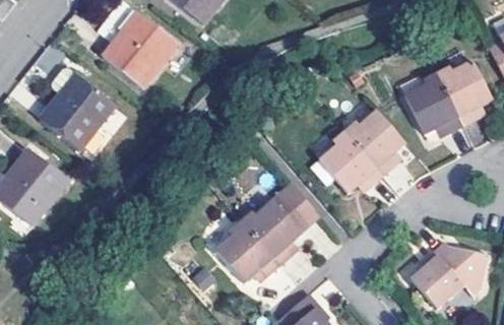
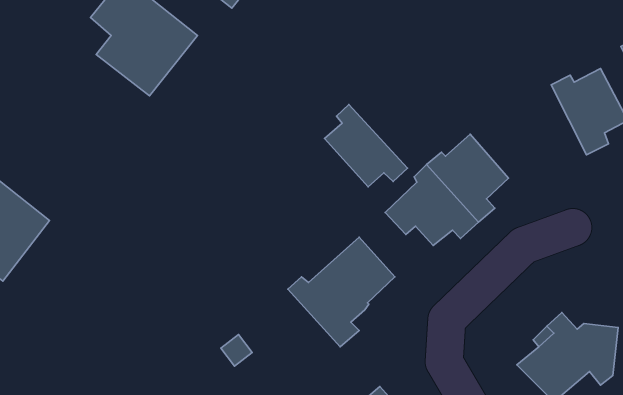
building: [37,58,112,142] -> none
building: [405,72,462,134] -> none
building: none -> [325,105,407,187]
building: [216,223,279,284] -> none

